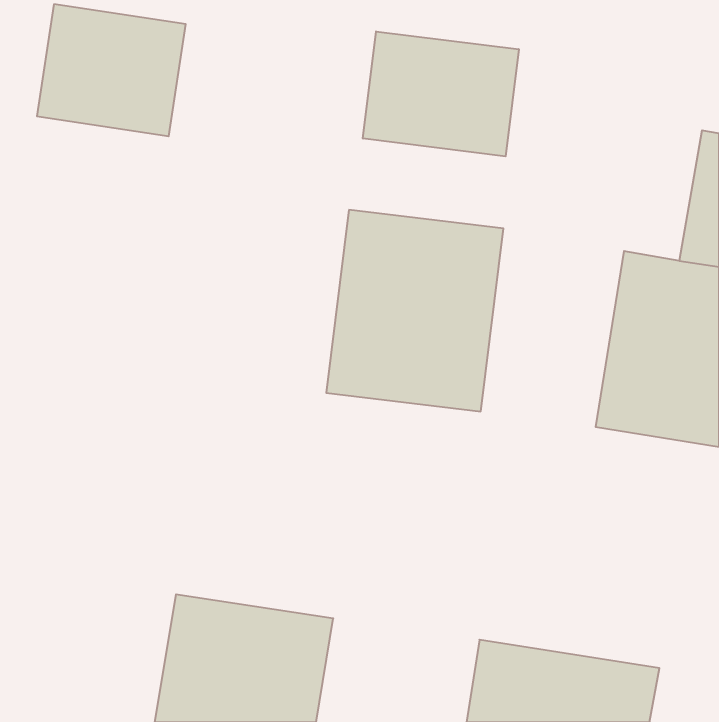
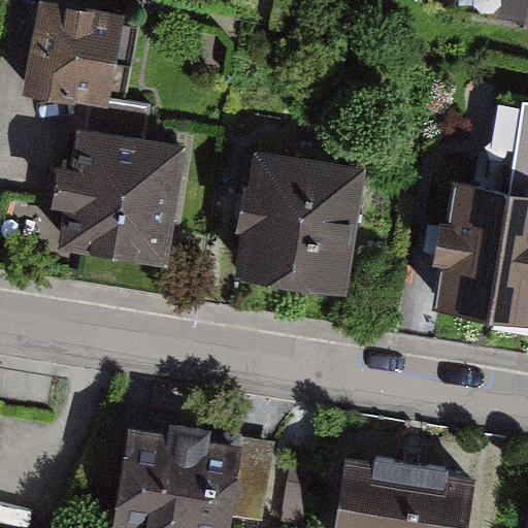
building: [363,31,519,156] -> none
building: none -> [45,123,189,269]

